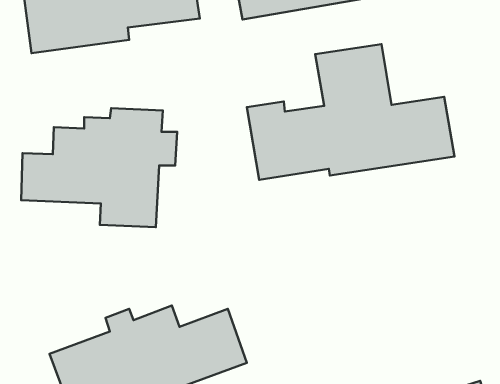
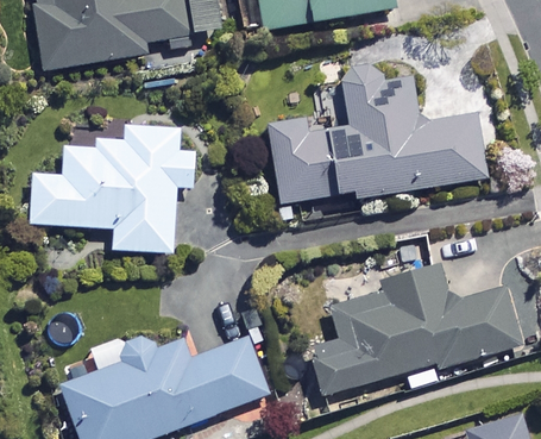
building: none -> [309,264,521,394]

